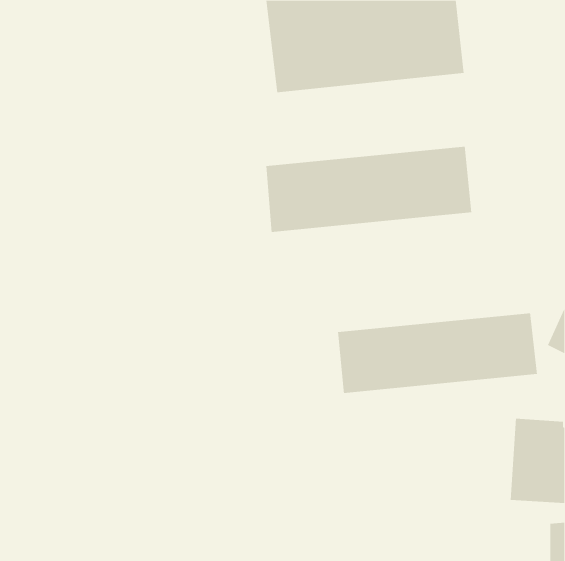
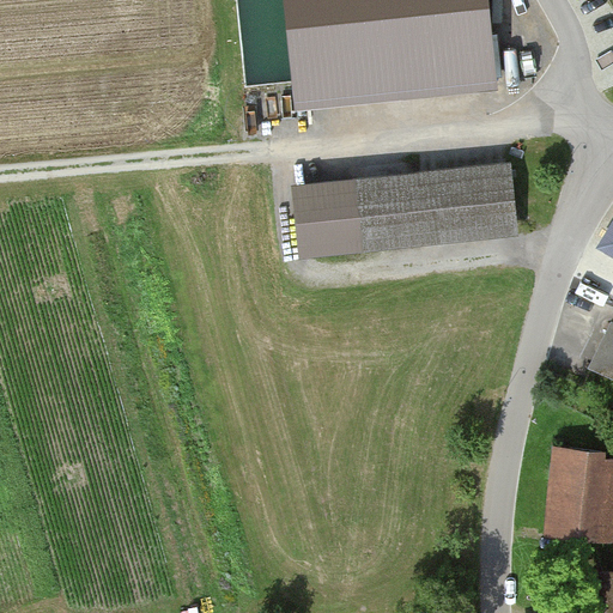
building: [337,312,538,394] -> none

